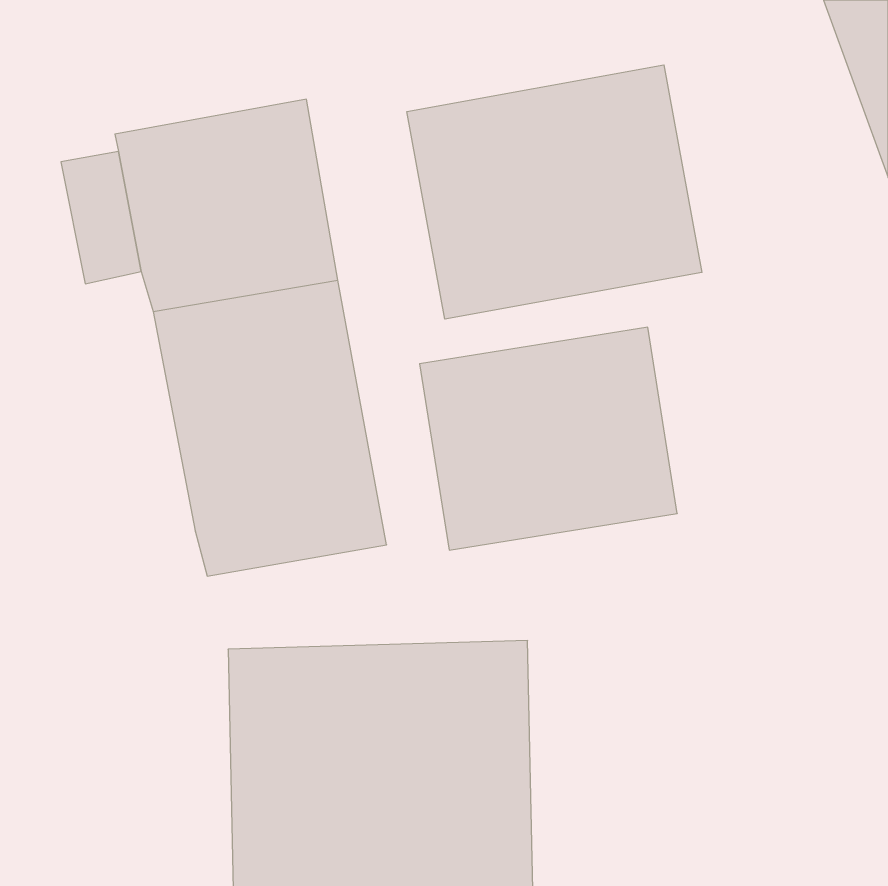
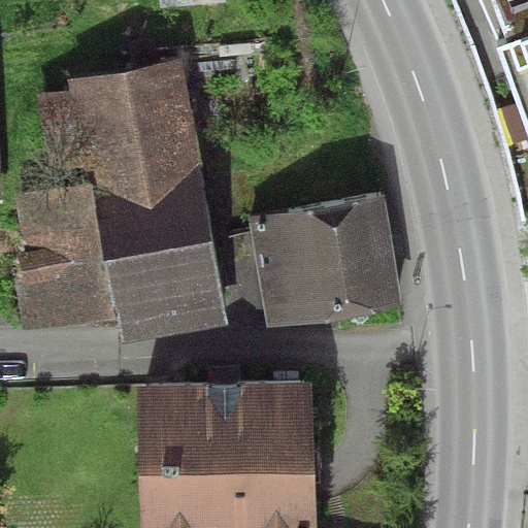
building: [407,65,702,319] -> none
building: none -> [14,187,116,332]

